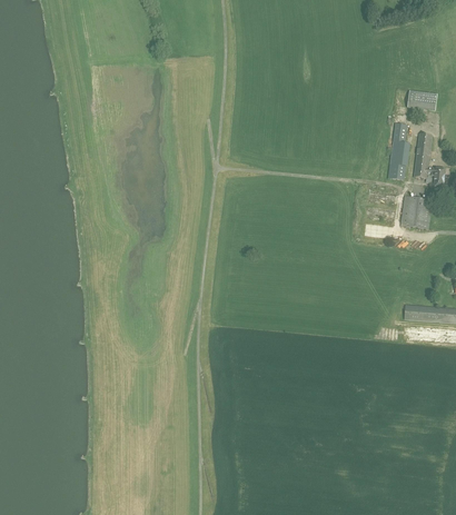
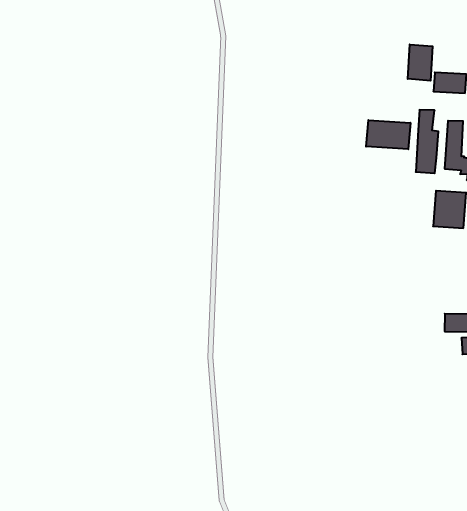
building: none -> [408,44,433,81]
building: none -> [366,120,410,149]

